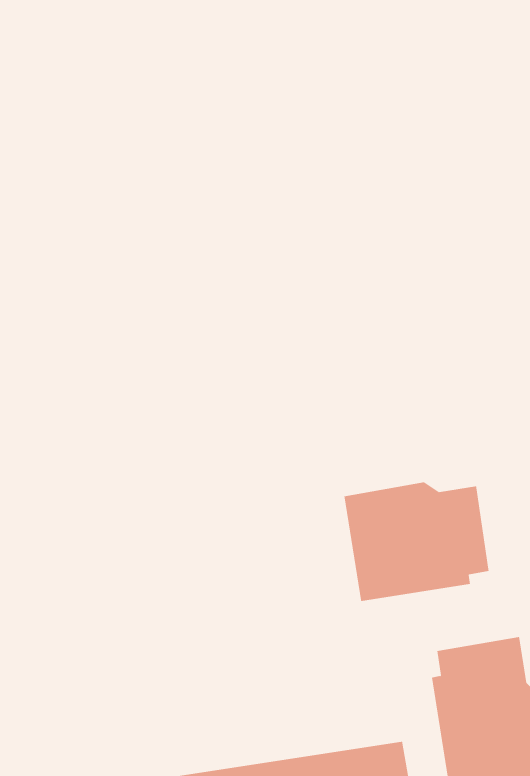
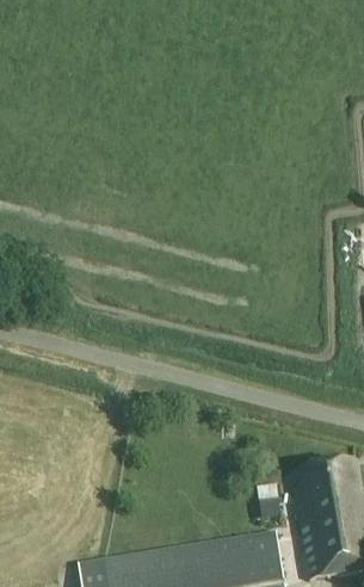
building: [344,482,489,602] -> none

